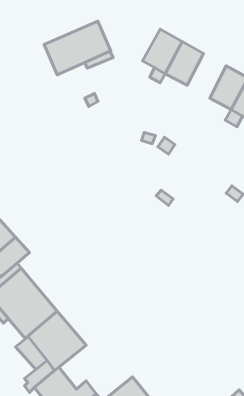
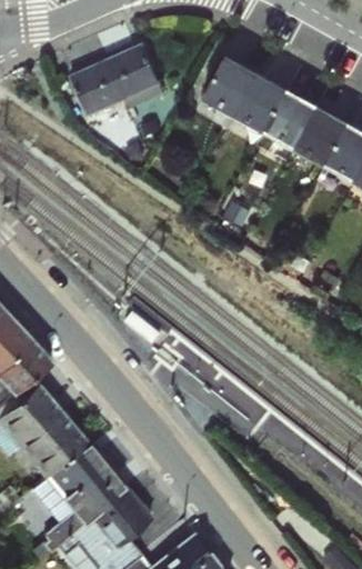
building: none -> [265,89,319,150]
building: none -> [90,488,152,548]

